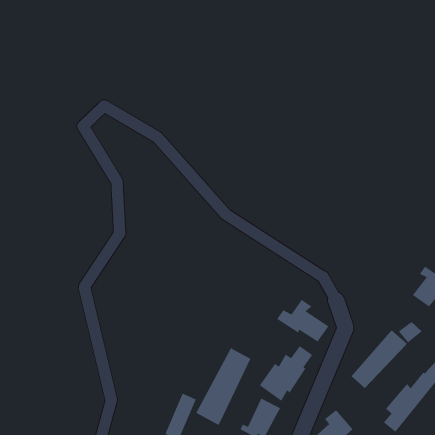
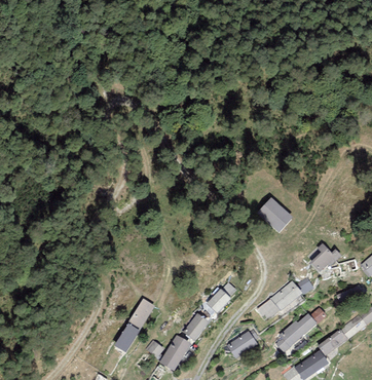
building: none -> [259,198,291,230]
building: [276,299,330,343] -> none
building: [195,347,252,426] -> none

